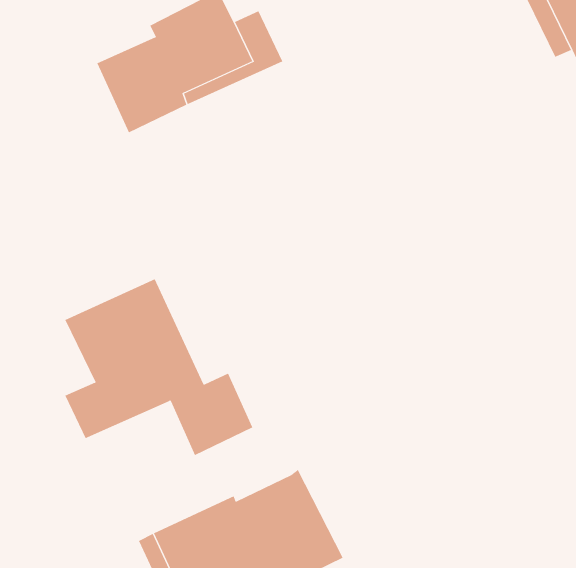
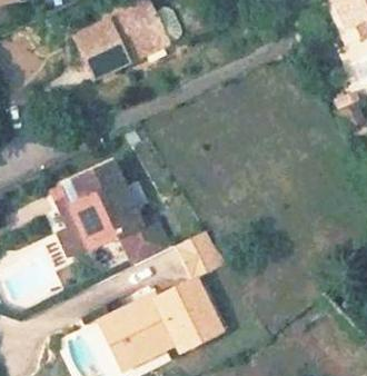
building: none -> [172,235,221,280]

